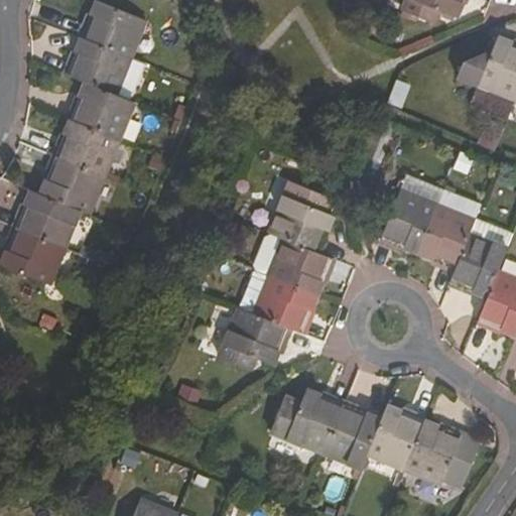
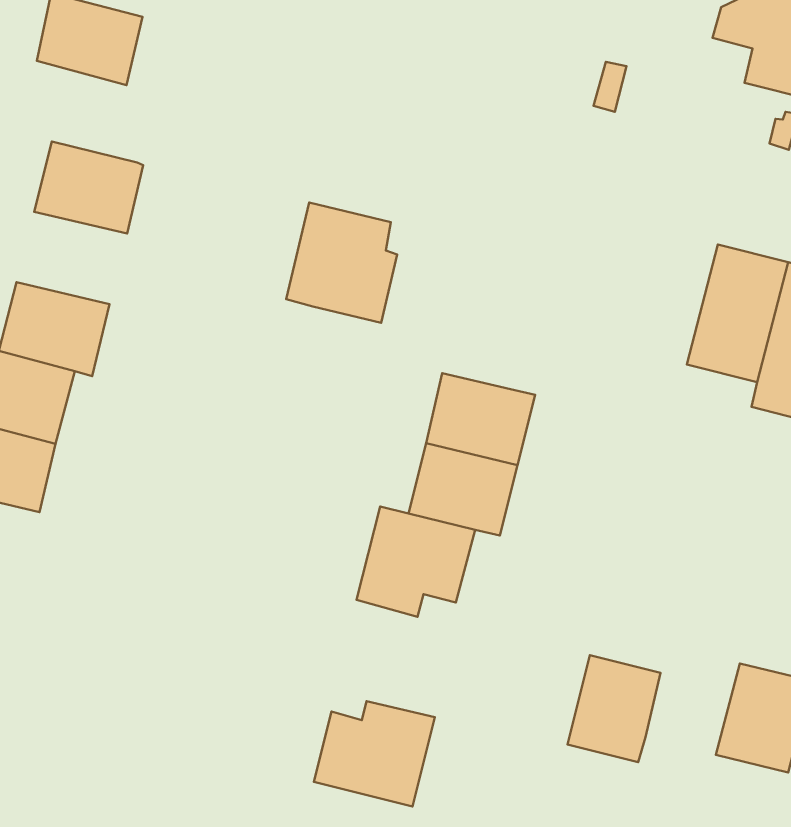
building: [68,36,146,100] -> none
building: [55,119,120,175] -> none
building: [380,173,443,253] -> none
building: [268,181,333,253] -> [286,202,397,323]
building: [270,391,342,453] -> [314,701,435,807]
building: [366,405,423,470] -> none

